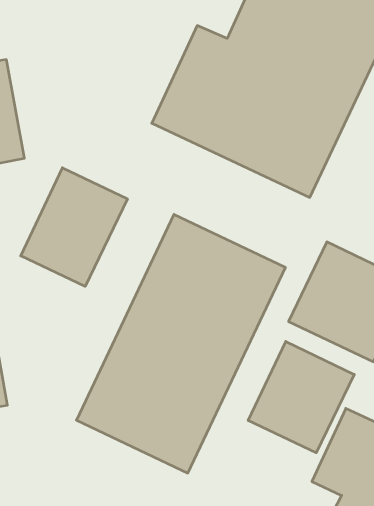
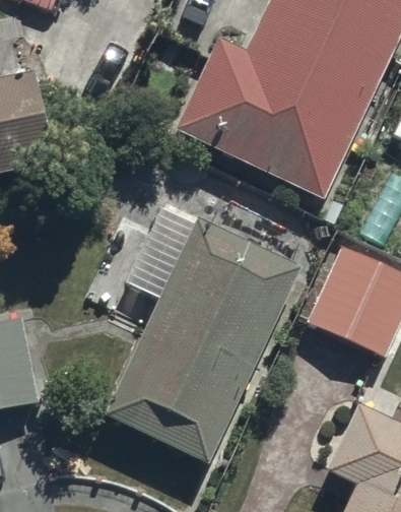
building: [21,168,127,286] -> none
building: [248,341,354,453] -> none

